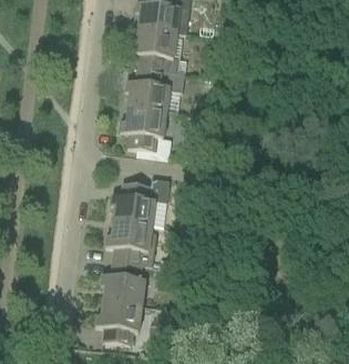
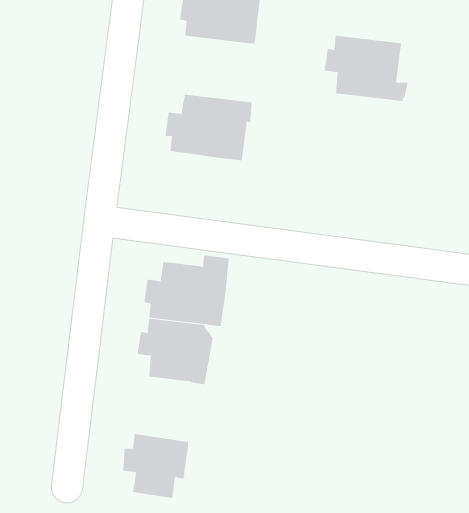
building: [130,30,187,75] -> [324,35,408,102]
building: [120,109,166,153] -> none
building: [100,263,144,307] -> none

